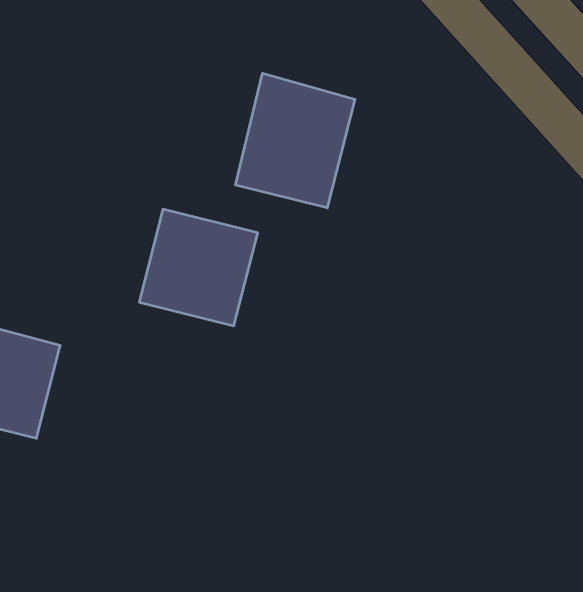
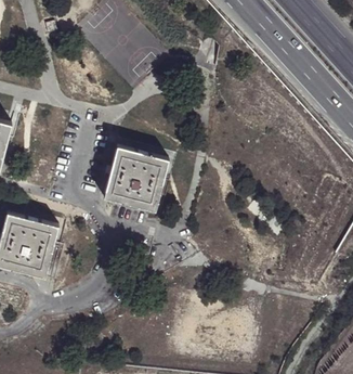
building: [236,73,355,208] -> none

